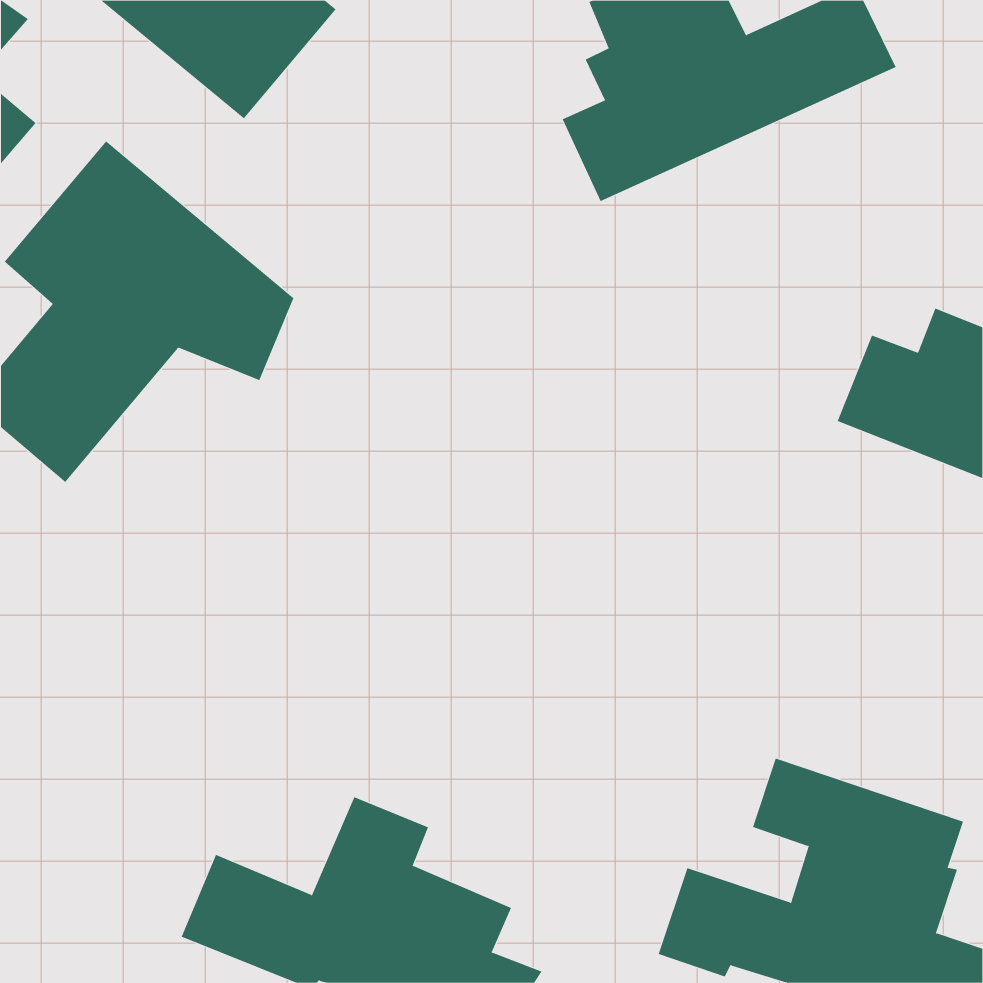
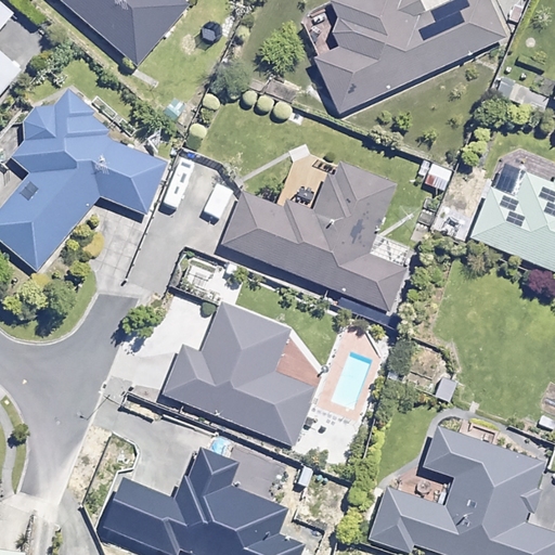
building: none -> [223,160,405,310]
building: none -> [166,306,317,444]

